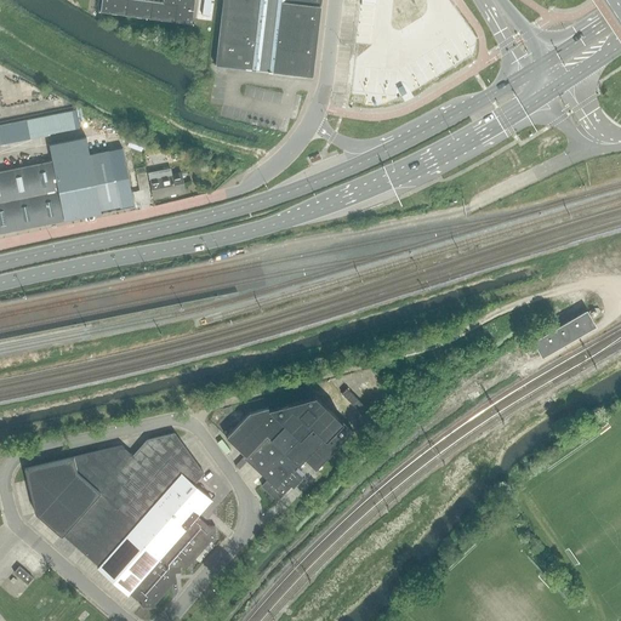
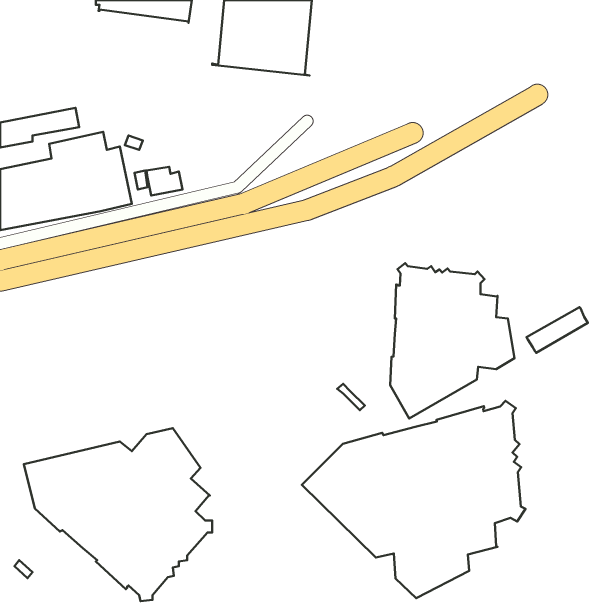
building: none -> [390,263,514,419]
building: [226,394,353,501] -> none
building: none -> [302,401,525,598]

